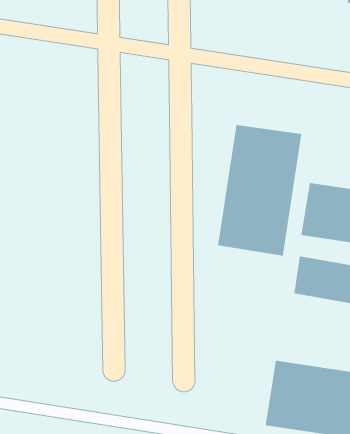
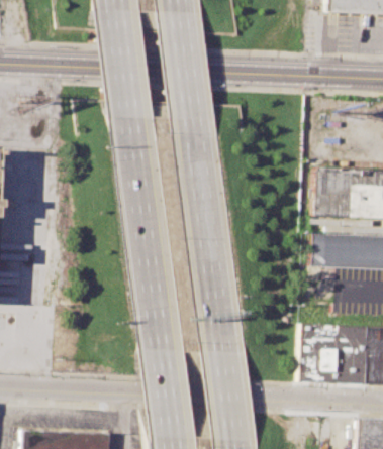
building: [218,124,302,256] -> none

